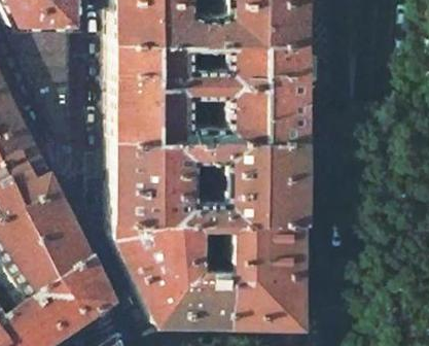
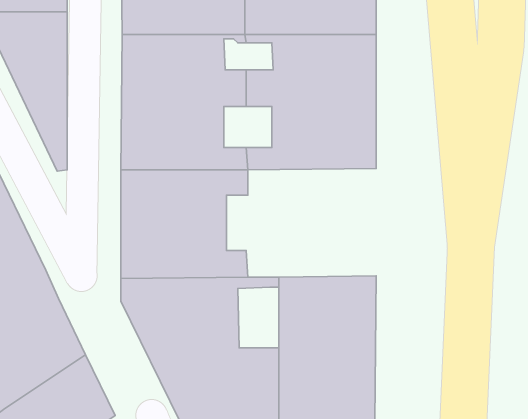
building: [209,133,303,212] -> none
building: [203,219,233,264] -> none

